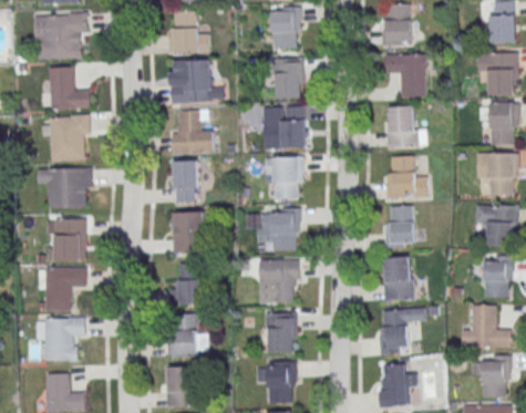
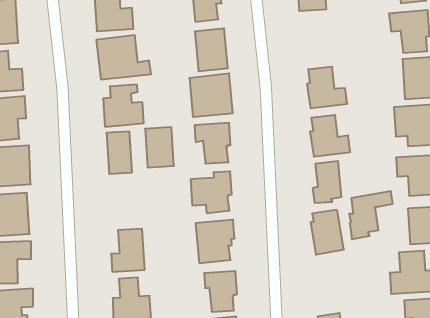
building: [384,53,426,96] -> none
building: [174,211,202,252] -> [145,127,174,168]
building: [379,307,425,354] -> [349,191,393,239]

